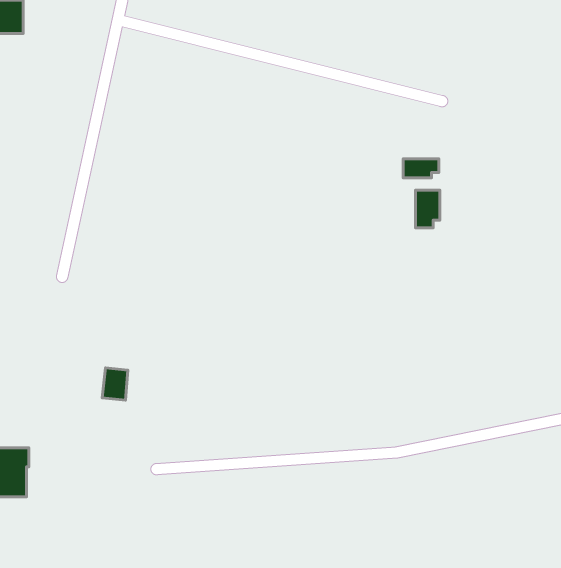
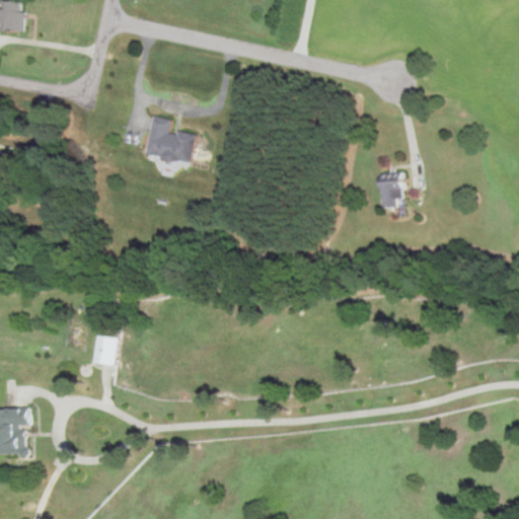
building: none -> [145,117,195,162]
building: [403,159,439,178] -> none

